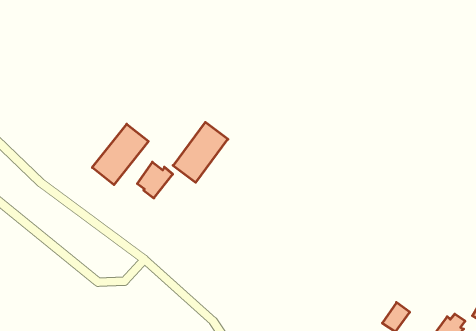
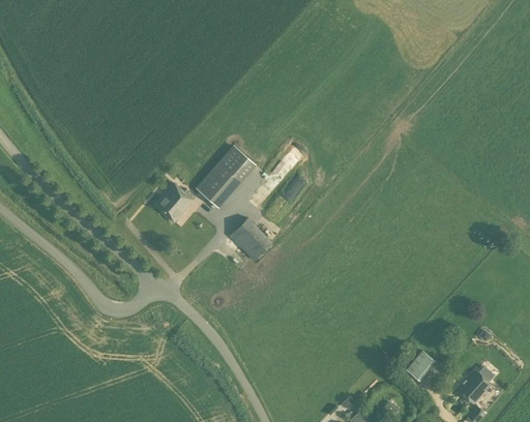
building: [92,124,148,185] -> none
building: none -> [230,218,271,261]

